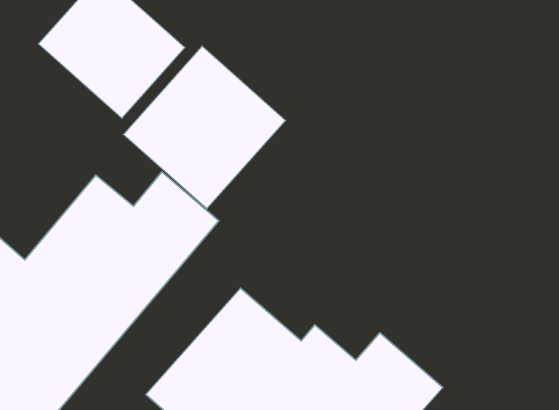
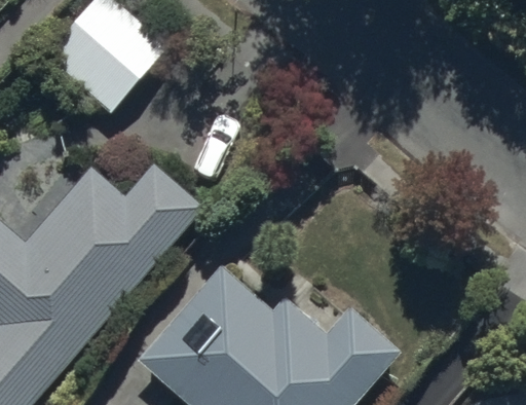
building: [124,46,285,208] -> none

